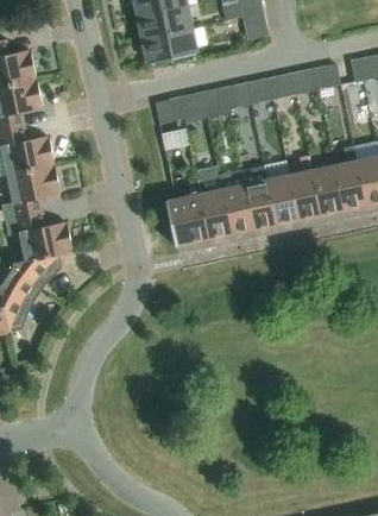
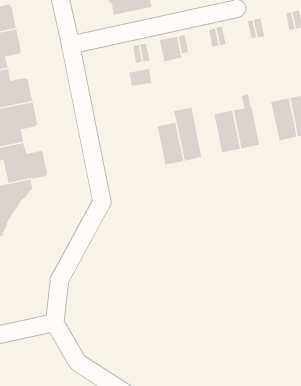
building: [311,164,344,215] -> none
building: [241,165,276,229] -> none
building: [165,193,209,246] -> none

